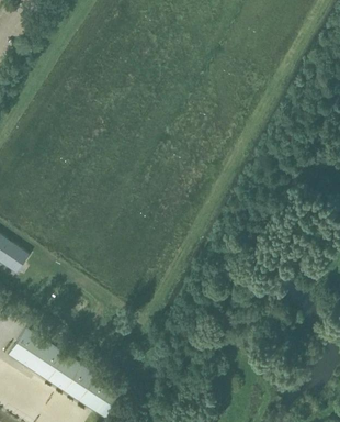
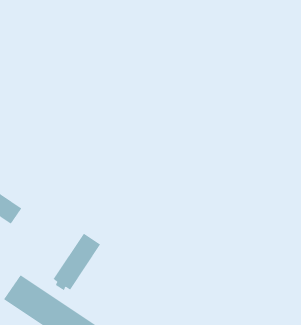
building: none -> [53,233,101,291]

